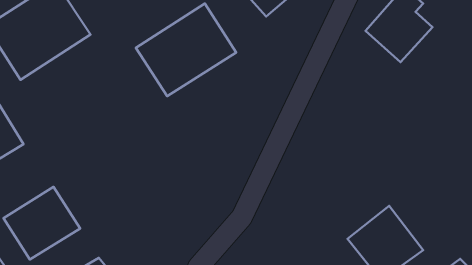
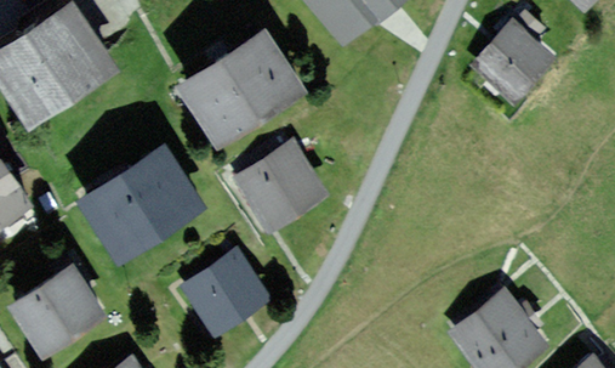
building: none -> [234,141,328,233]
building: none -> [79,147,204,264]
building: none -> [180,250,269,338]

